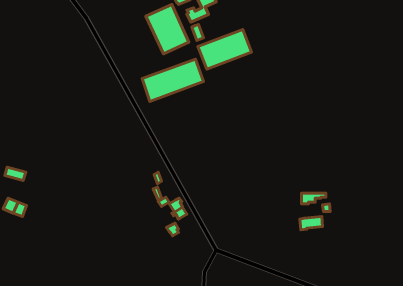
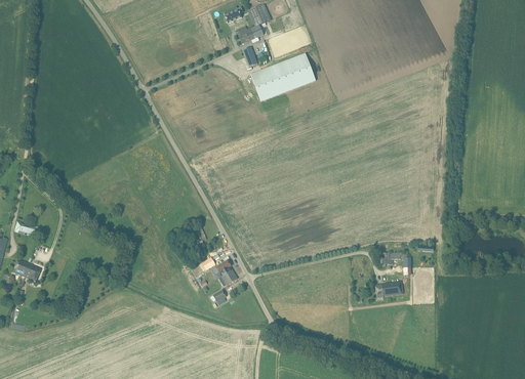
building: [146,5,189,54] -> none
building: [142,59,204,101] -> none

